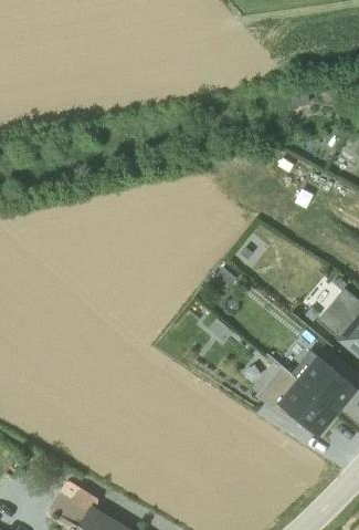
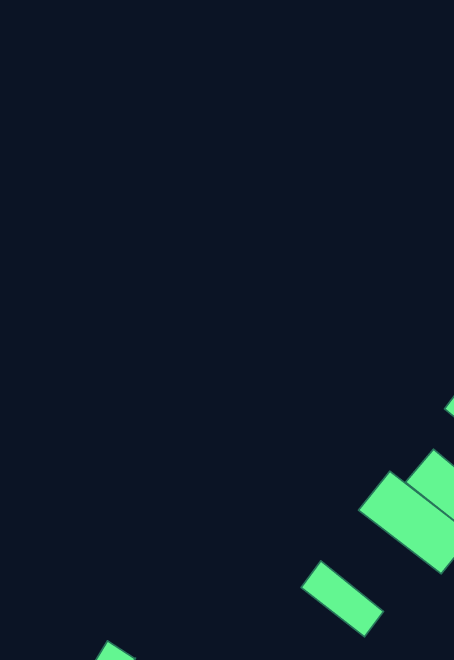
building: none -> [301,561,384,637]

